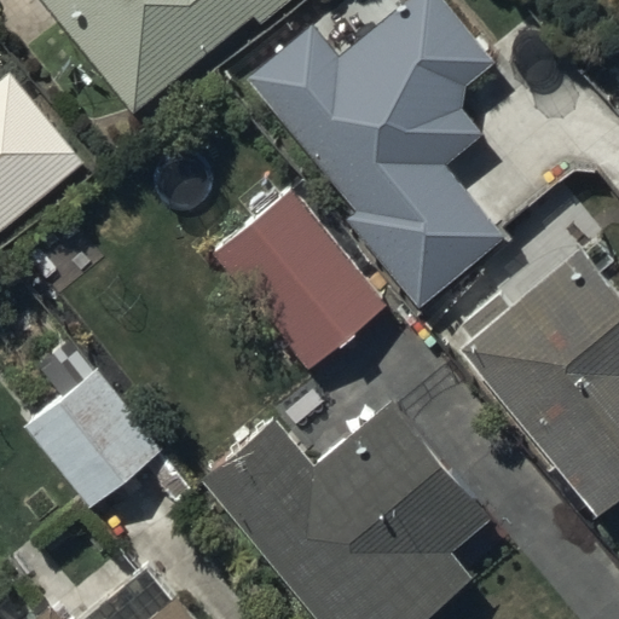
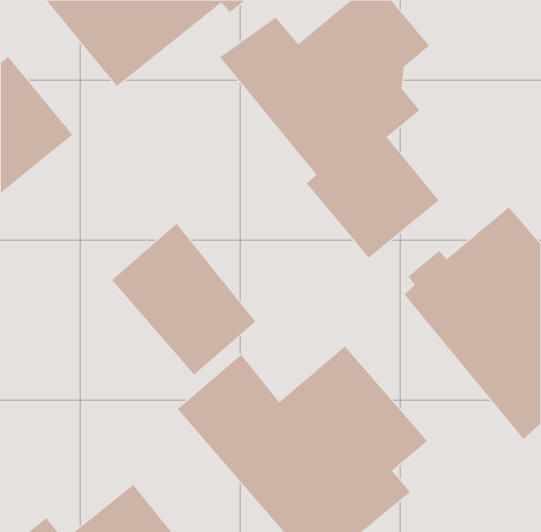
building: [214,195,380,369] -> [111,223,256,375]
building: [28,374,157,504] -> none

